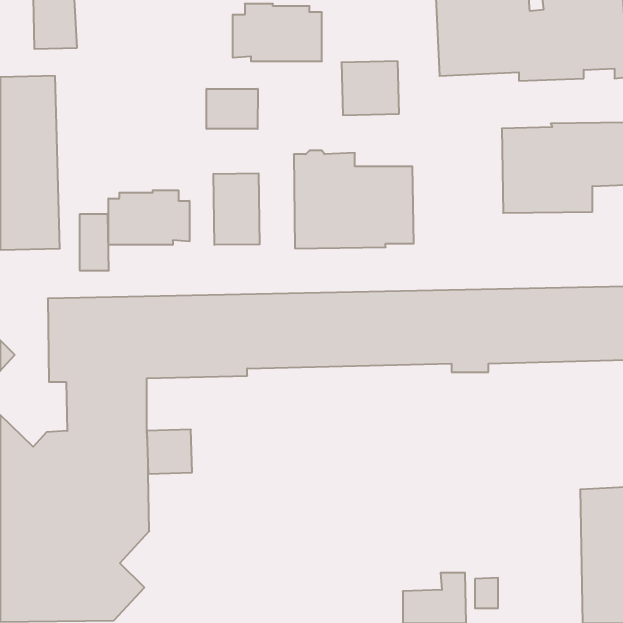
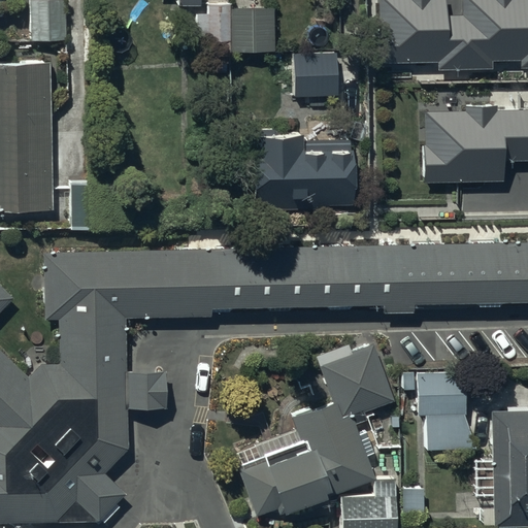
building: [207,89,258,129] -> none
building: [214,173,260,245] -> none
building: [108,190,189,245] -> none
building: none -> [238,344,395,517]
building: none -> [417,372,474,451]

